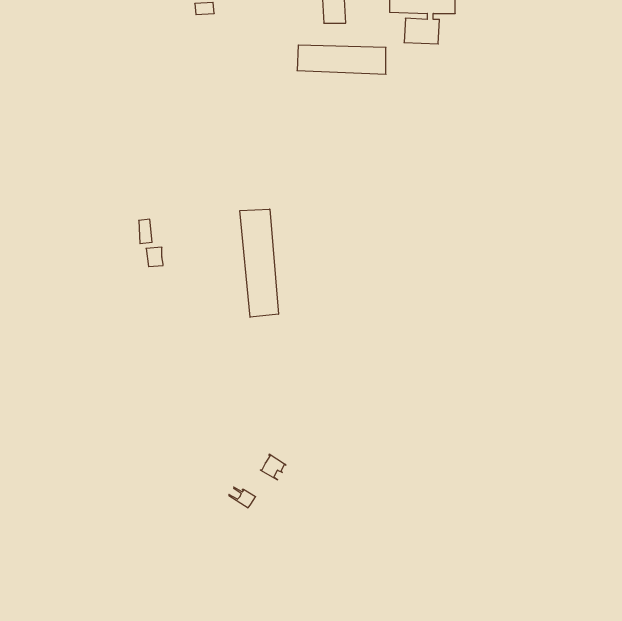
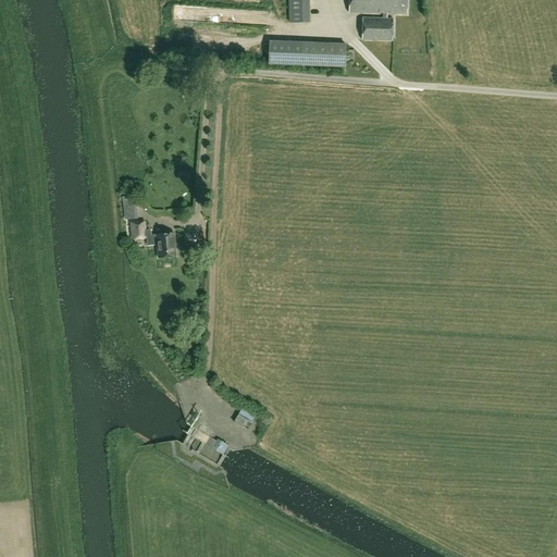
building: [240,209,278,317] -> none
building: none -> [145,230,175,257]

